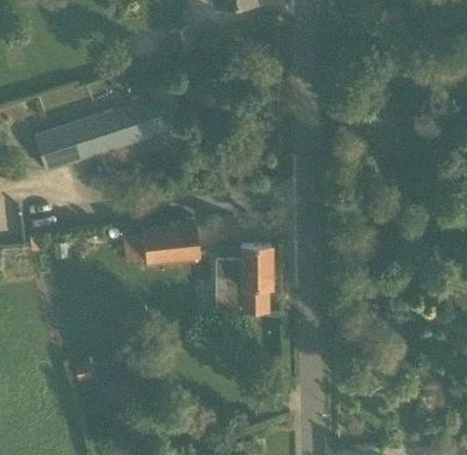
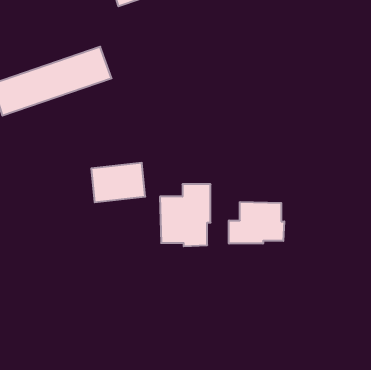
building: none -> [229,202,284,244]

